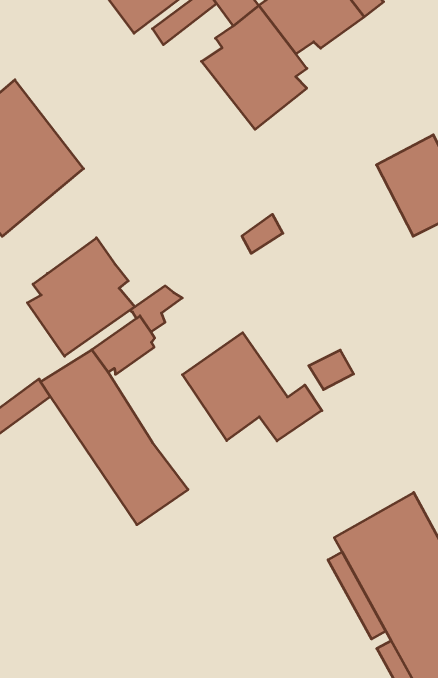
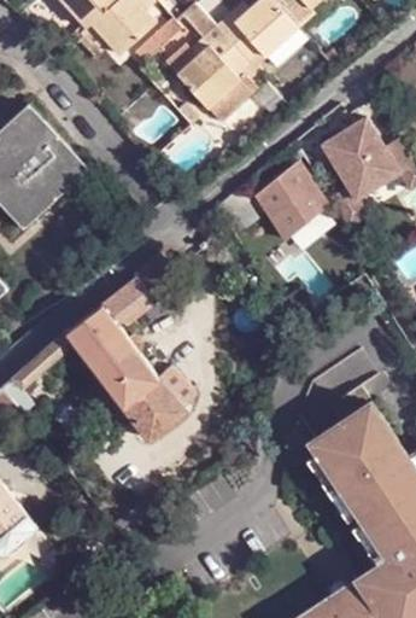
building: none -> [254,165,328,241]
building: [27,238,135,356] -> none
building: [182,333,322,441] -> none

